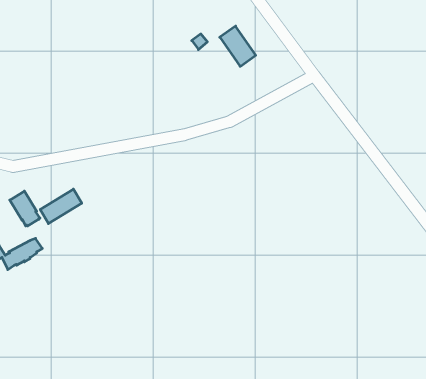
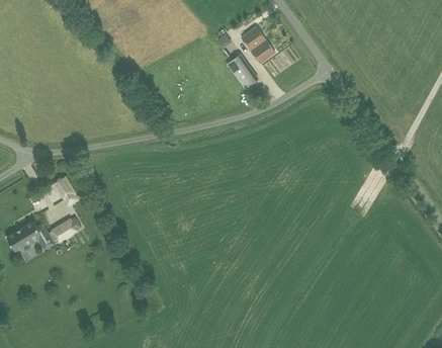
building: none -> [228,55,258,88]
building: [40,189,82,224] -> none

